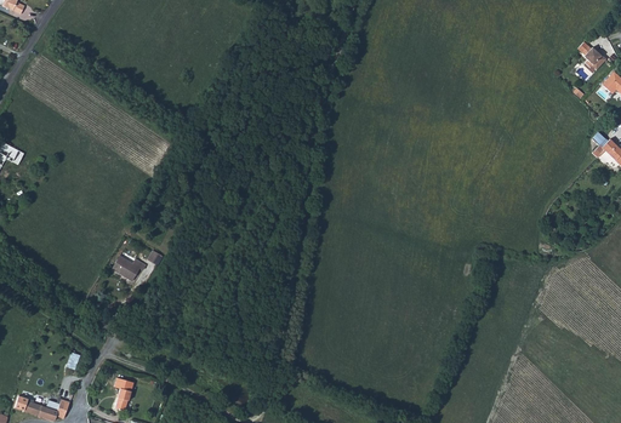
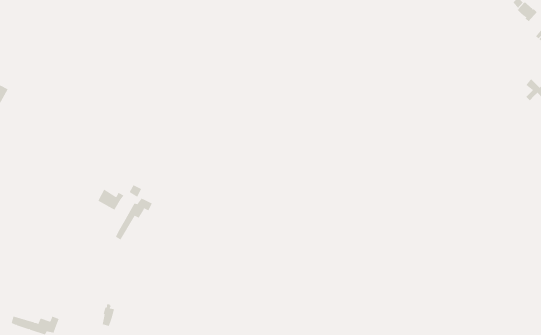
building: none -> [115,198,152,240]

